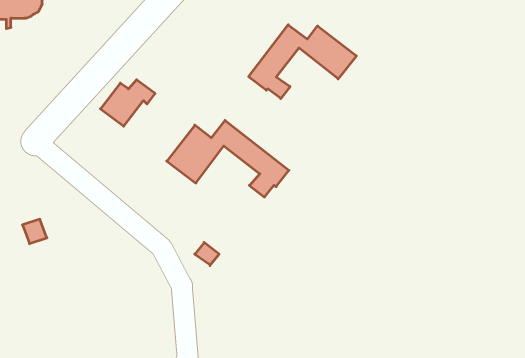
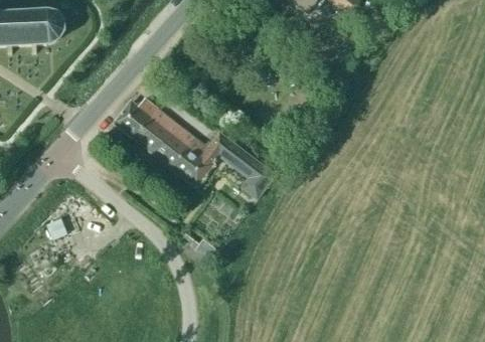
building: [249,25,356,99] -> none
building: none -> [133,109,194,167]

